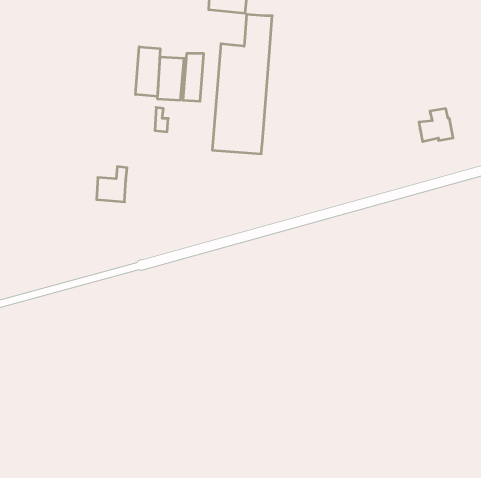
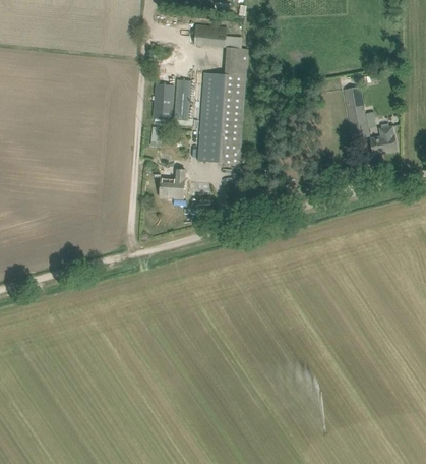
building: [136,47,160,96] -> none
building: none -> [344,86,369,139]
building: [97,167,127,202] -> [160,169,185,198]

